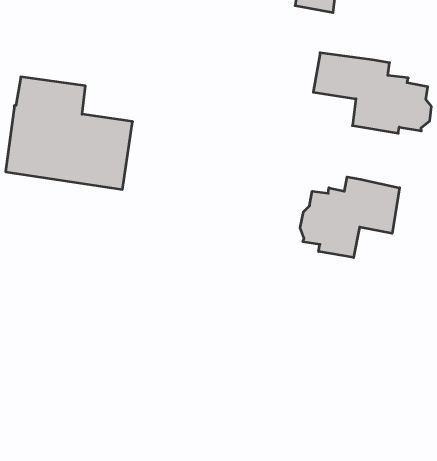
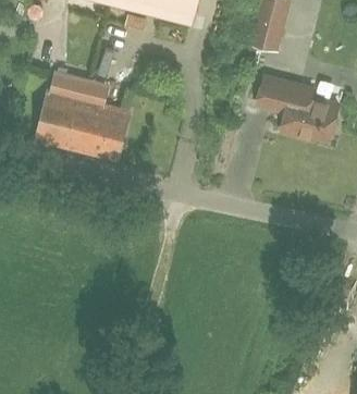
building: [300,177,400,258] -> none

